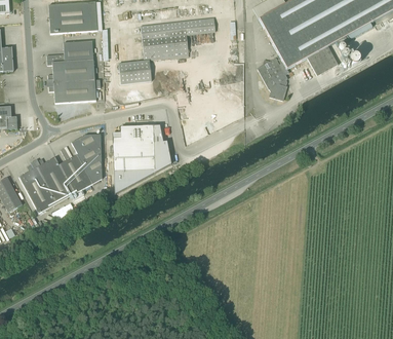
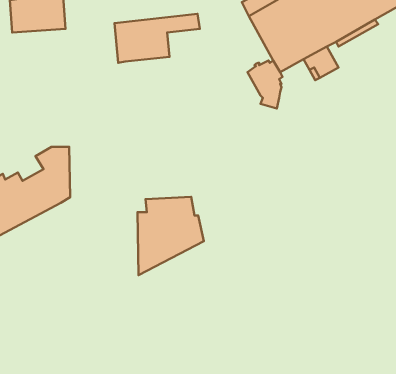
building: [46,40,101,103] -> none
building: [118,59,152,83] -> none
building: [113,124,171,193] -> [137,197,204,275]

